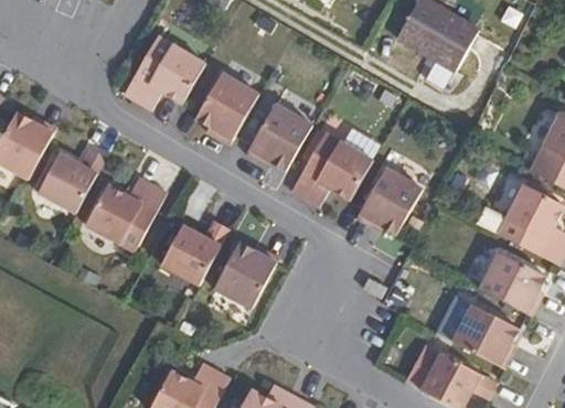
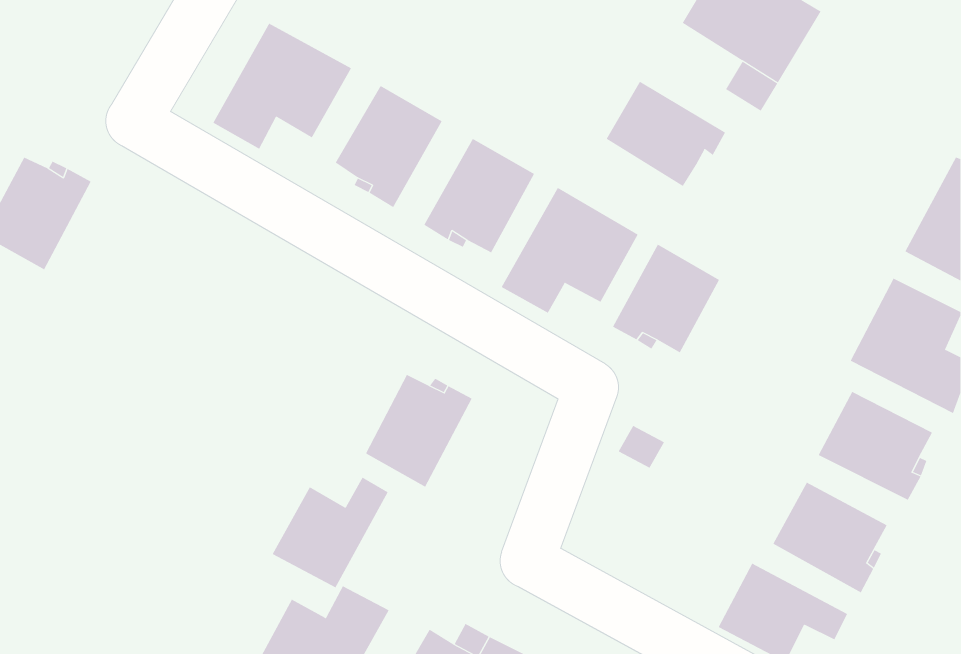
building: none -> [606,81,726,187]
building: [36,149,104,213] -> none
building: [85,178,167,253] -> none
building: [161,221,230,286] -> [272,477,389,588]

